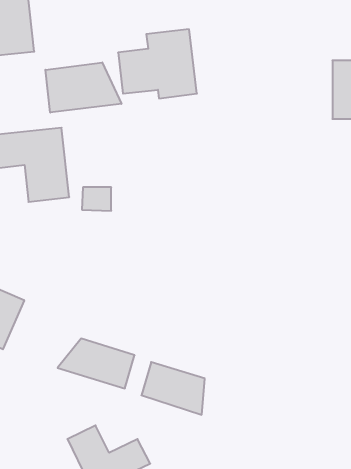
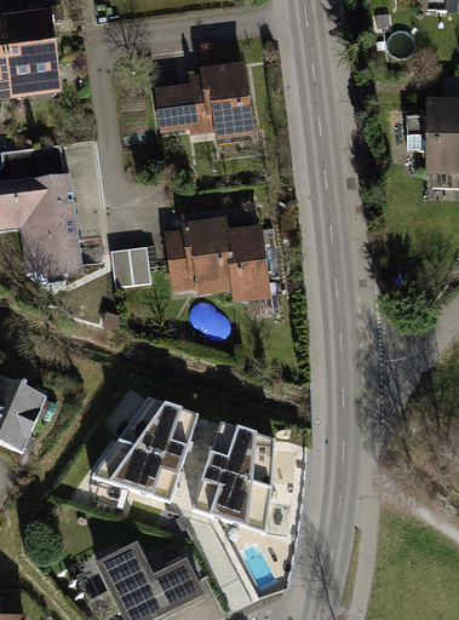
building: [45,62,121,113] -> none
building: none -> [166,209,264,294]
building: none -> [114,402,195,461]
building: none -> [201,424,270,490]

